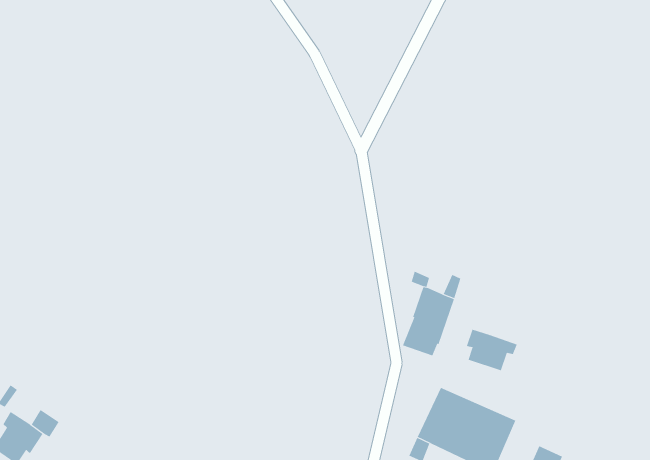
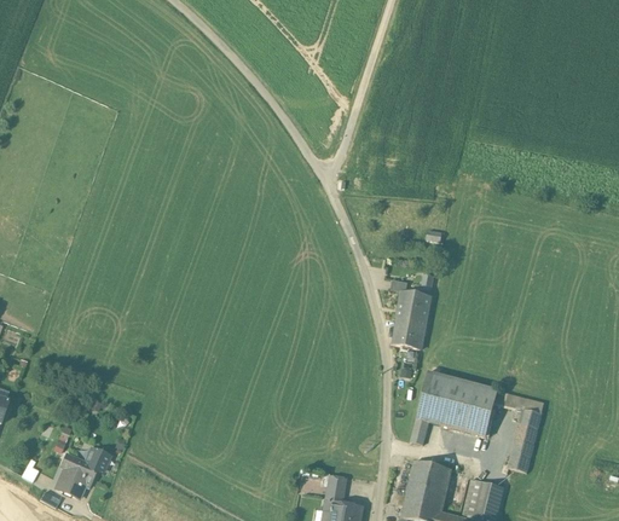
building: [466,329,517,371] -> none

